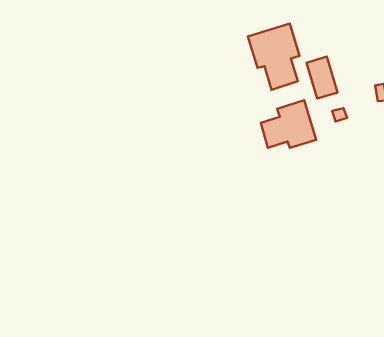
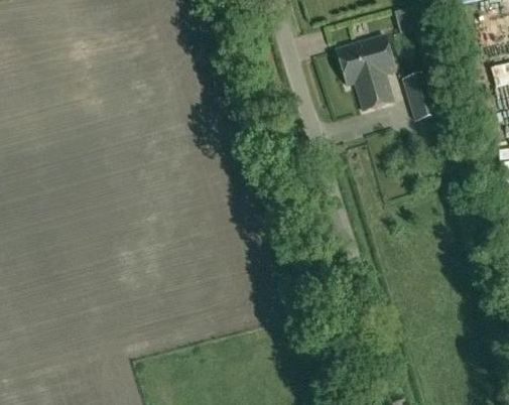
building: [261,100,316,148] -> none

